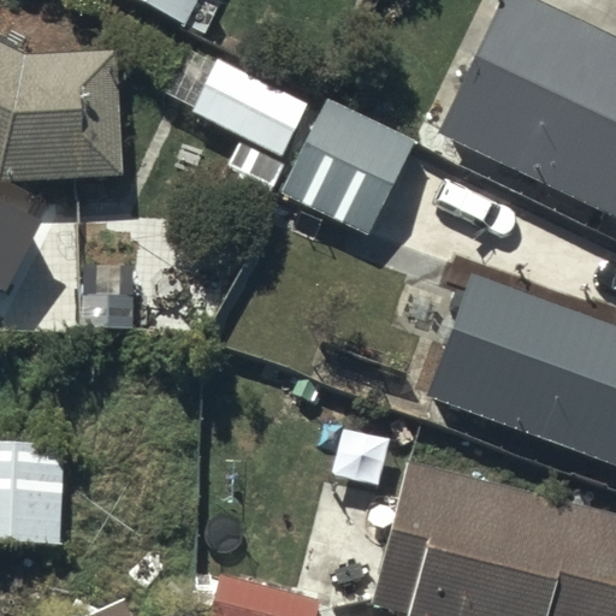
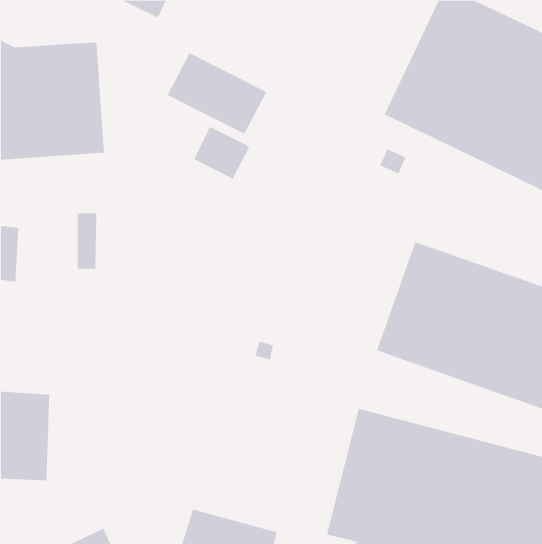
building: [284,101,413,233] -> none

